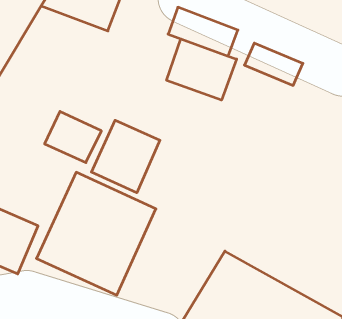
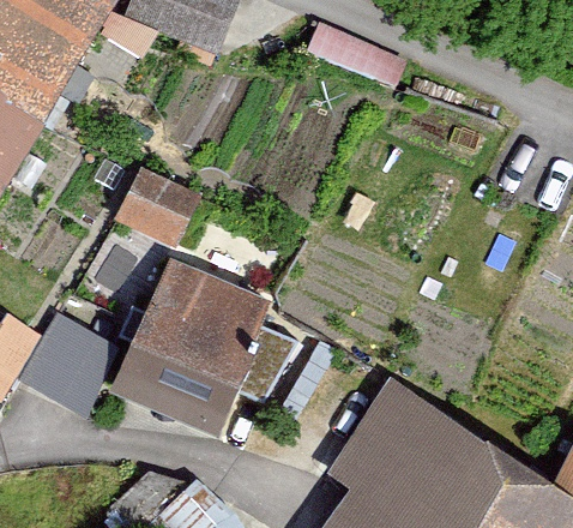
building: [167,39,237,100] -> none
building: [91,120,160,193] -> none

